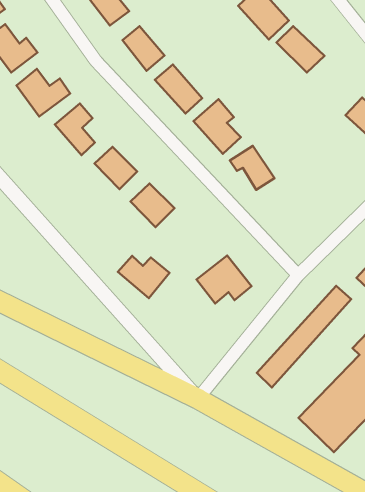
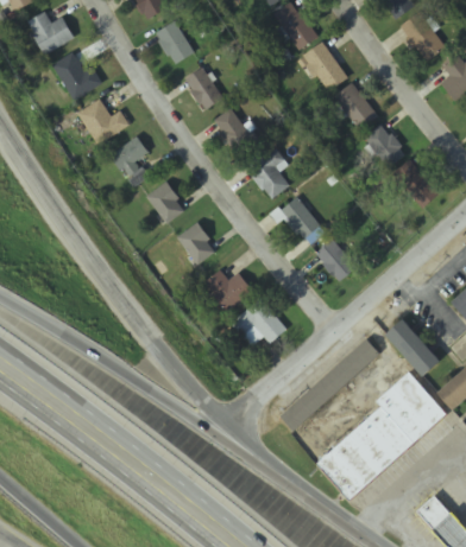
building: none -> [363,123,405,167]
building: none -> [314,238,355,280]
building: [118,256,170,298] -> [203,268,253,311]

